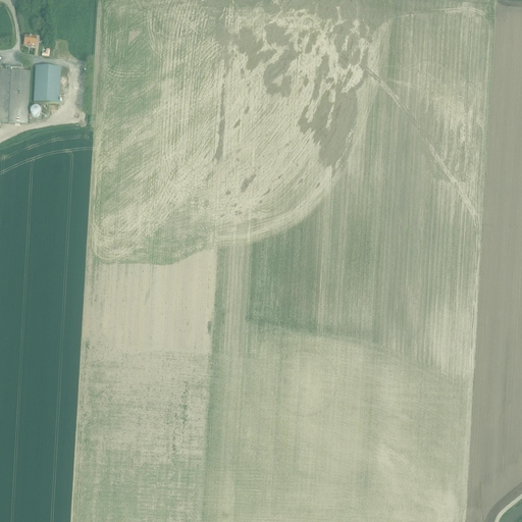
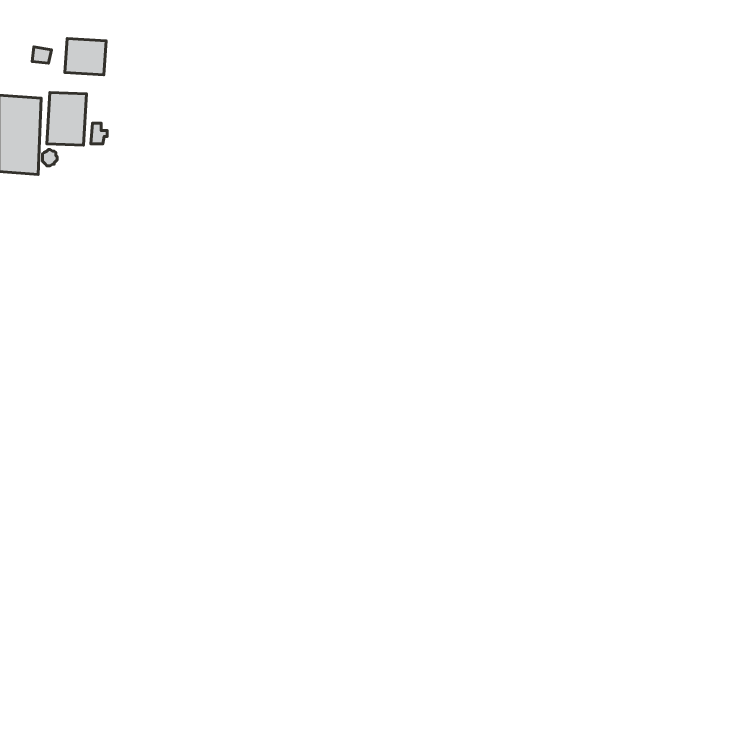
building: none -> [65,38,106,75]

